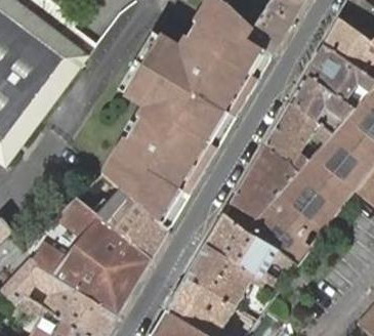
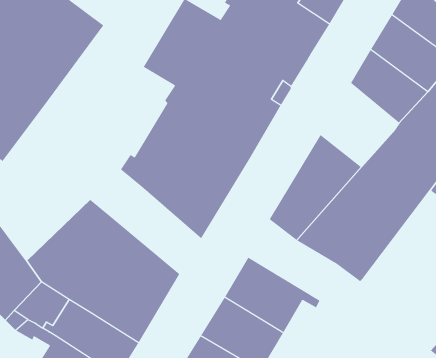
building: [264,101,329,170] -> none
building: [93,187,167,258] -> none
building: [205,213,278,285] -> none

